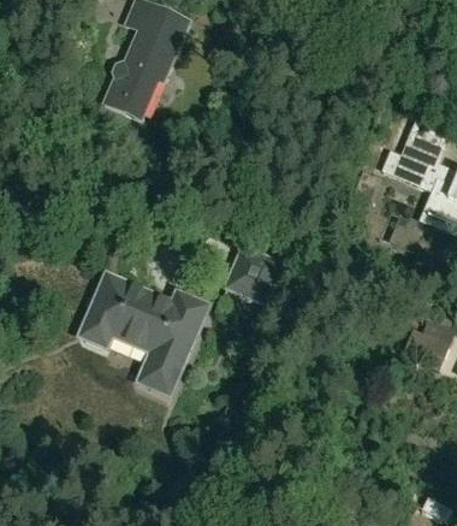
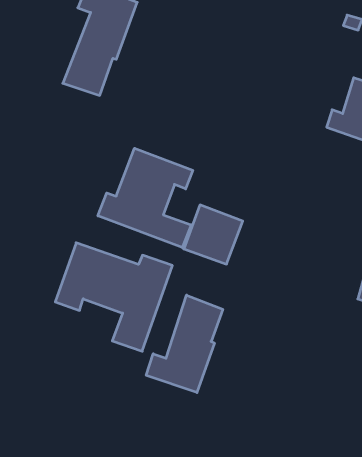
building: none -> [98,148,193,248]
building: none -> [146,295,223,393]

